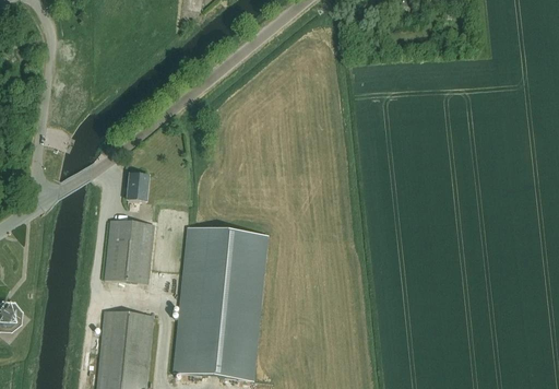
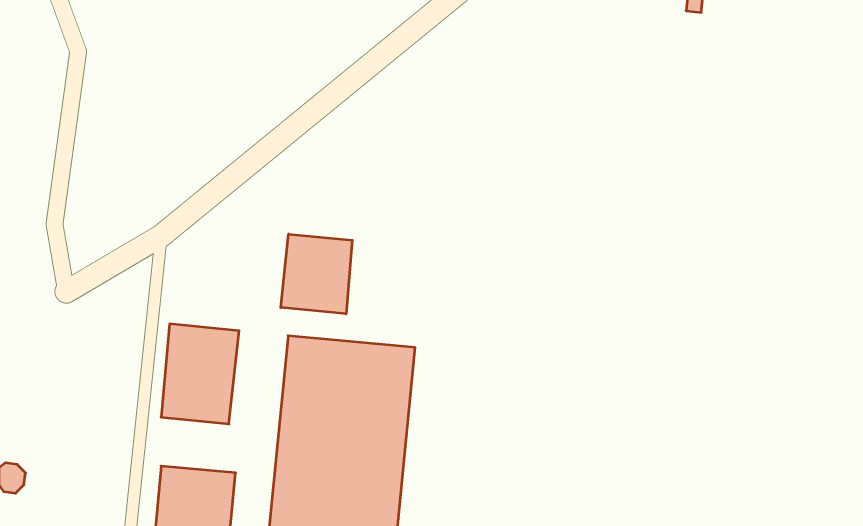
building: none -> [281,234,352,314]
building: [128,174,150,201] -> none

